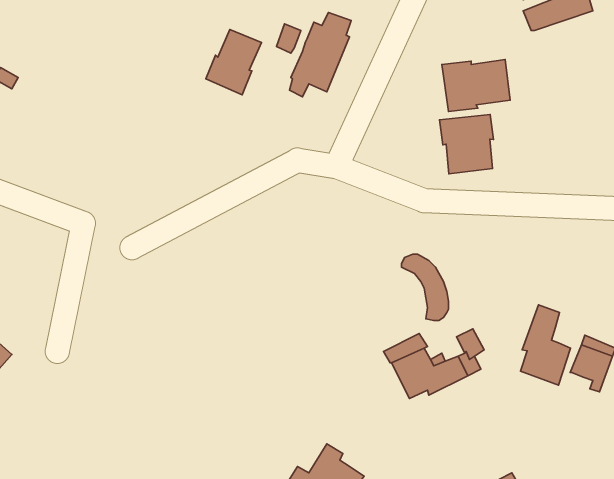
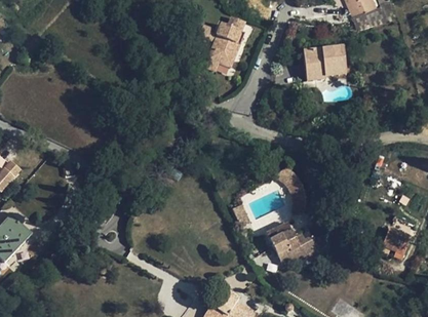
building: [206,29,261,95] -> none
building: [439,114,494,174] -> none
building: [520,305,571,385] -> none

